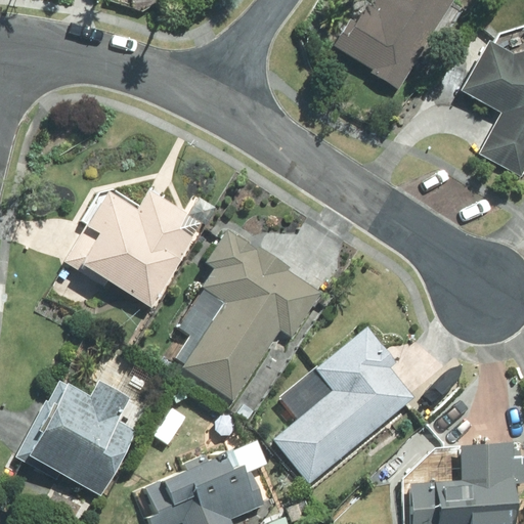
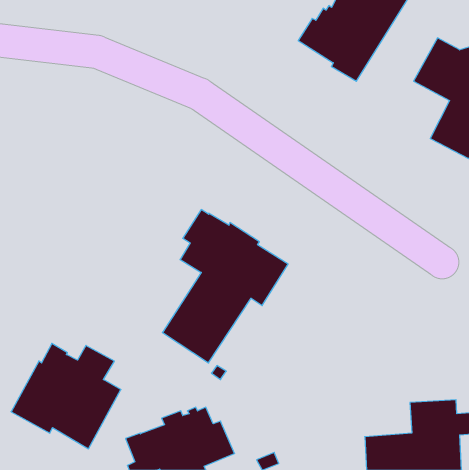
building: [64,190,202,309] -> none
building: [272,326,414,483] -> none

